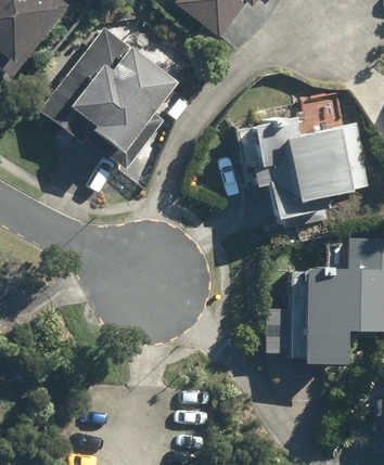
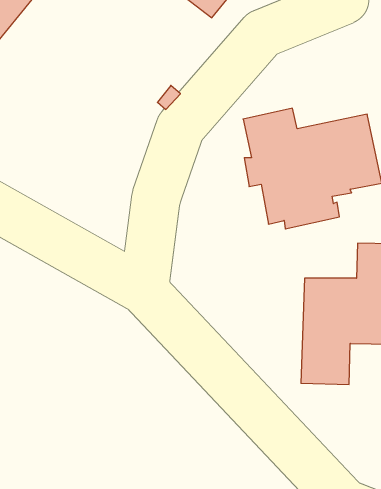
building: [40,24,170,168] -> none

